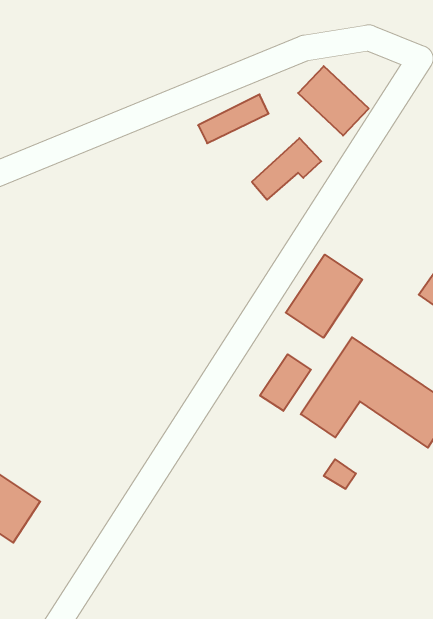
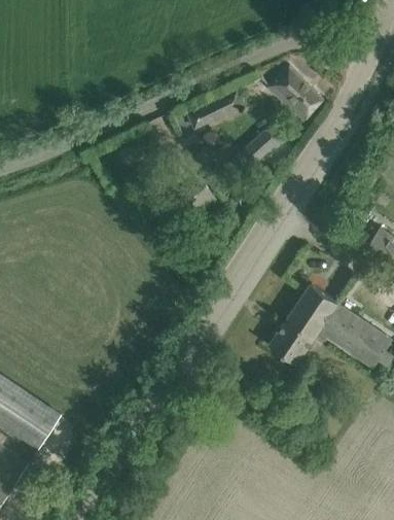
building: [286,255,362,338] -> none
building: [260,354,311,411] -> none

